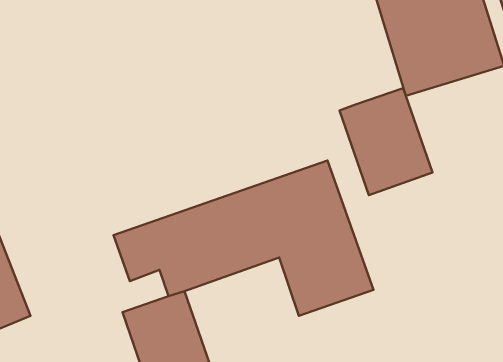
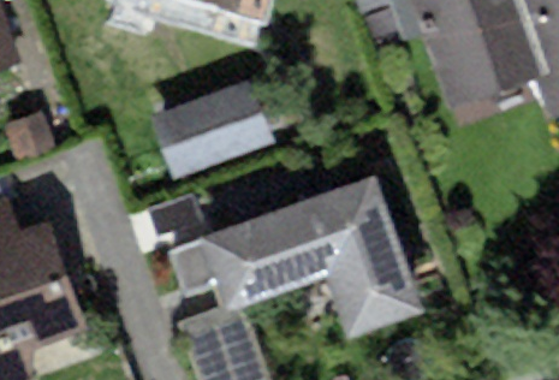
building: none -> [149,89,275,191]
building: [339,88,433,195] -> none

